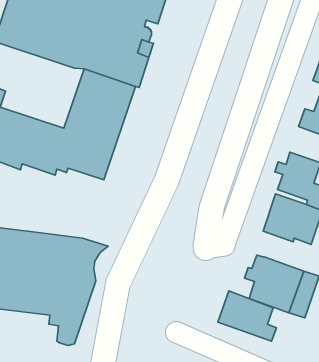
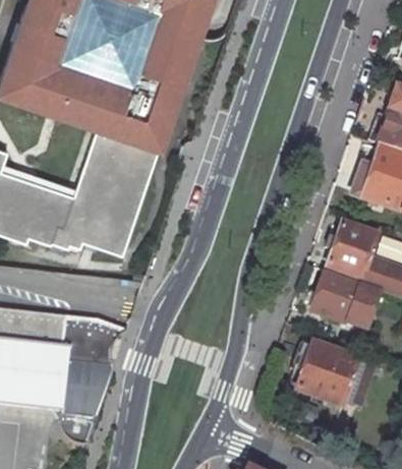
building: [218,291,277,341] -> none

